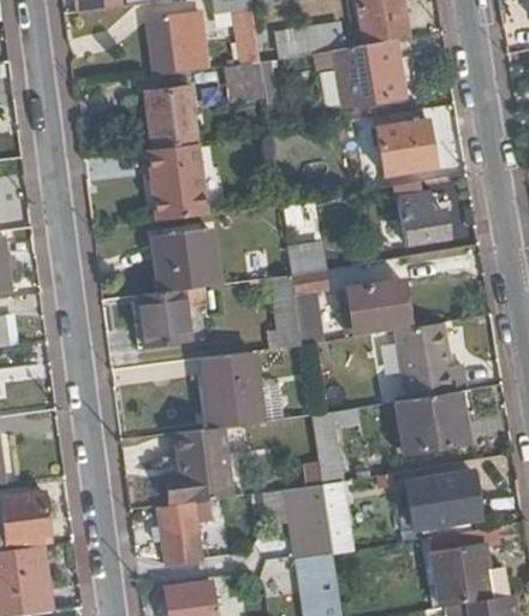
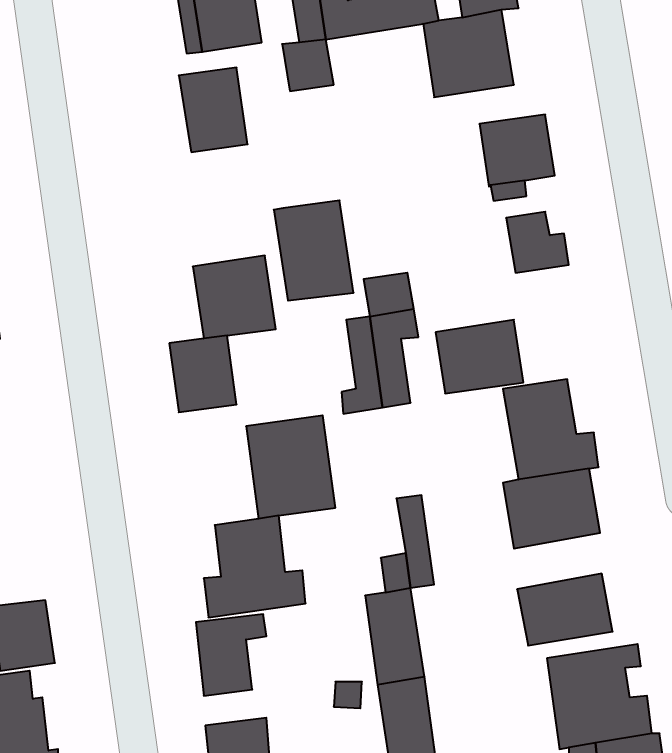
building: [148,143,209,220] -> [274,200,354,301]

